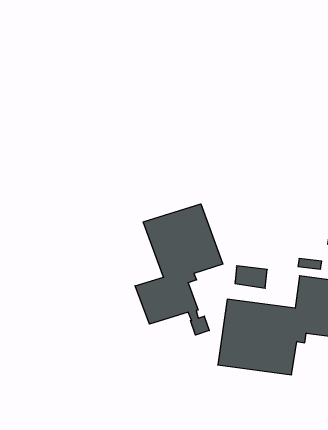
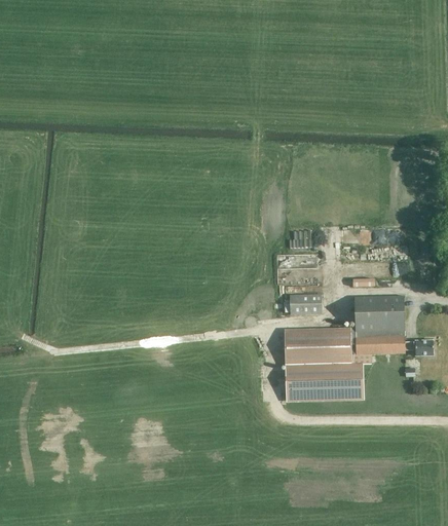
building: [135,204,223,335] -> none

